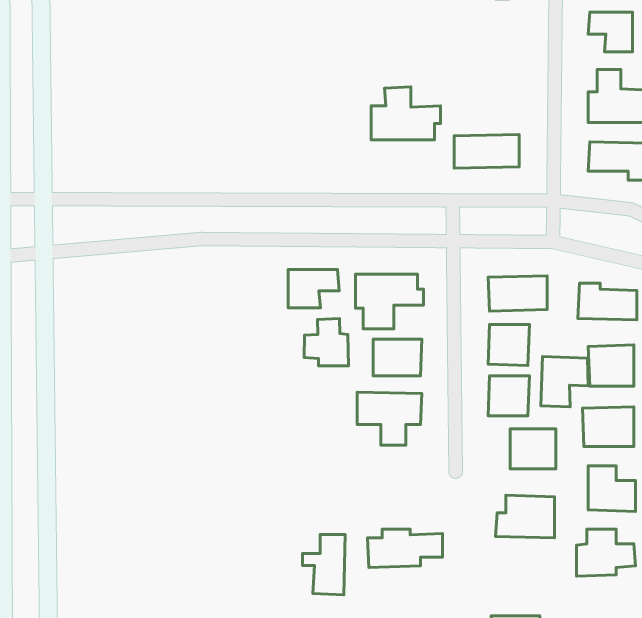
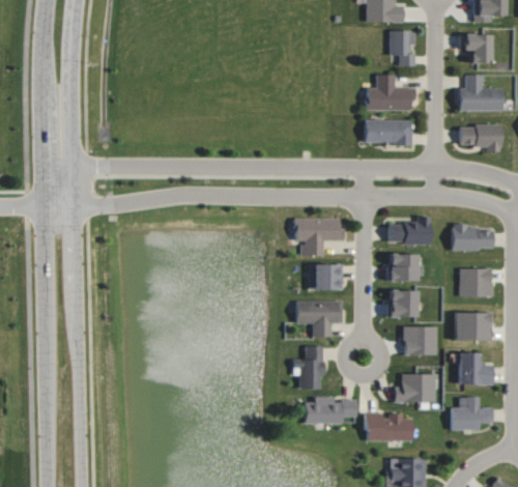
building: none -> [388,30,413,65]
building: [371,87,440,140] -> [366,74,414,111]
building: [288,270,339,308] -> none
building: [304,319,349,366] -> none
building: [541,357,588,407] -> none
building: [303,534,345,595] -> [292,346,322,389]
building: none -> [366,414,412,441]

